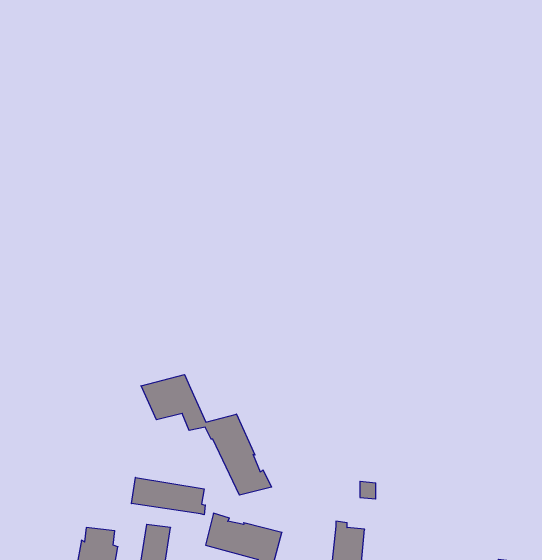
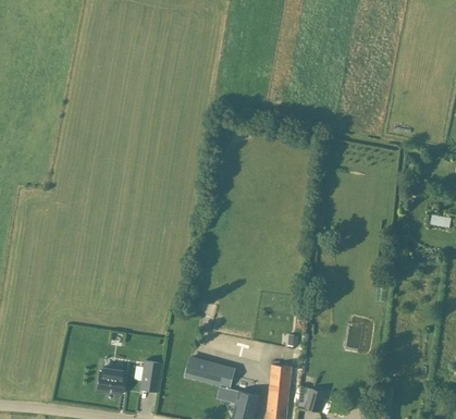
building: [141,375,272,495] -> none
building: [131,477,205,515] -> none

